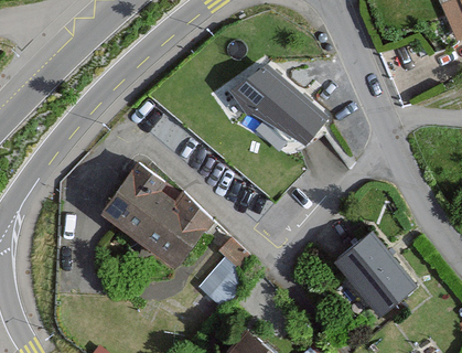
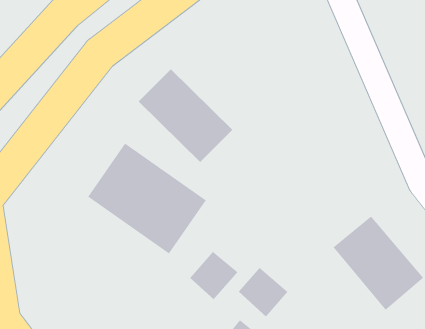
building: [234,61,323,149] -> [138,69,233,163]
building: none -> [238,267,289,317]

